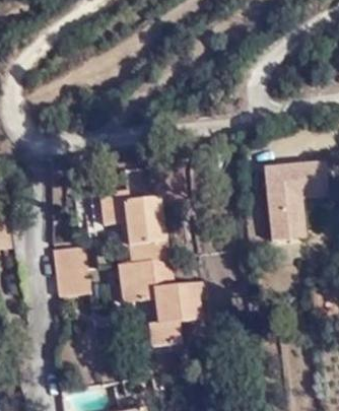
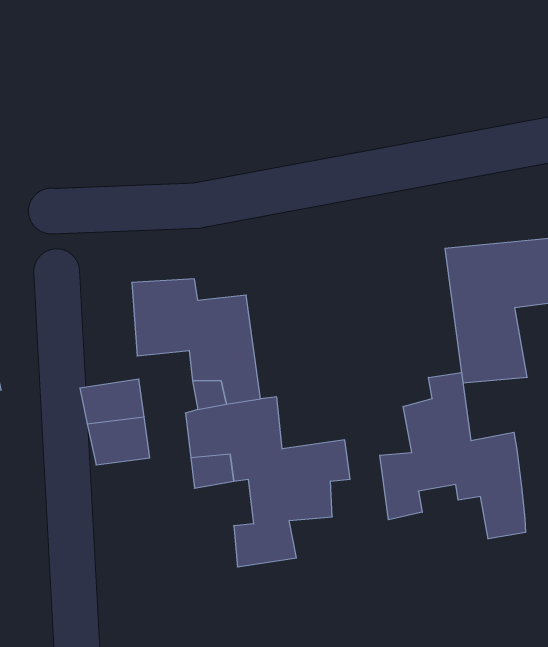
building: none -> [380,372,525,539]

